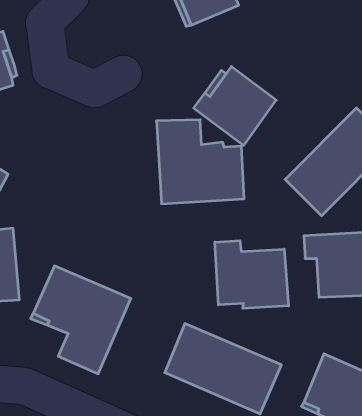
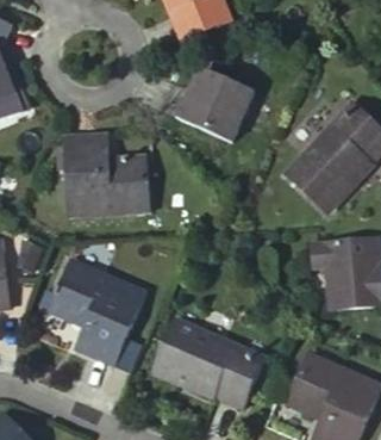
building: [156,120,244,204] -> [65,126,149,206]
building: [215,241,289,308] -> none

